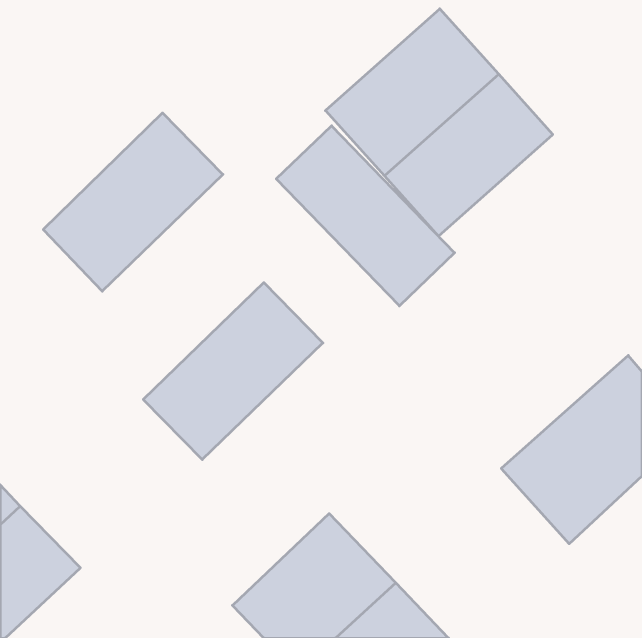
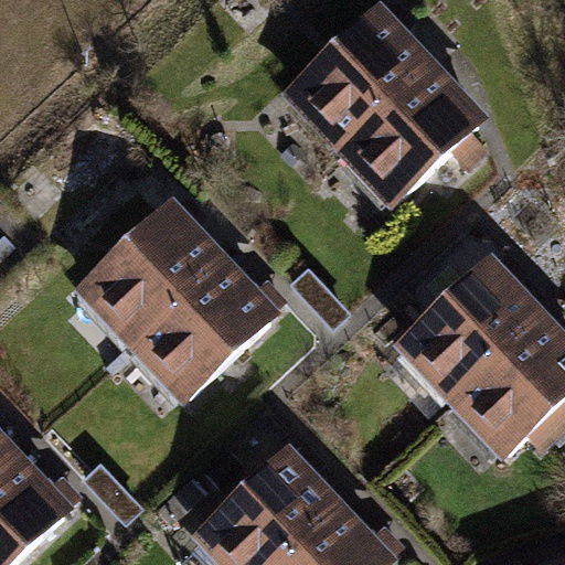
building: [43,113,223,291] -> [74,194,232,351]
building: [276,126,455,306] -> none
building: none -> [381,246,552,412]

